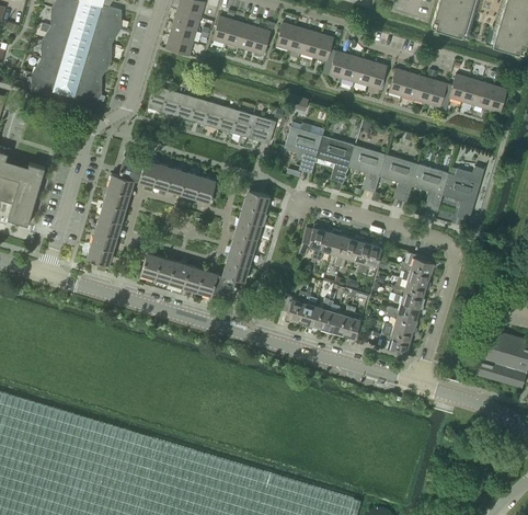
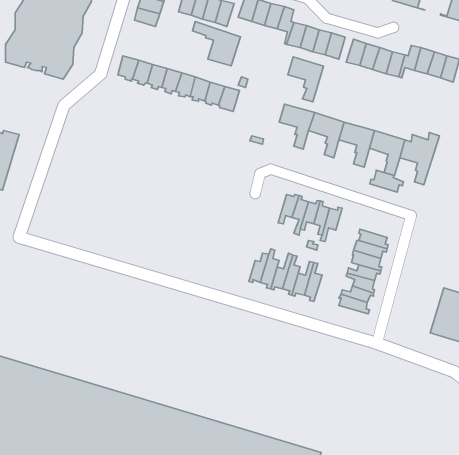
building: none -> [192,21,240,66]
building: [285,126,322,173] -> [288,57,323,102]
building: [85,156,215,265] -> none
building: [139,191,268,300] -> none
building: [298,224,324,263] -> none
building: [401,252,436,275] -> [370,170,403,192]

